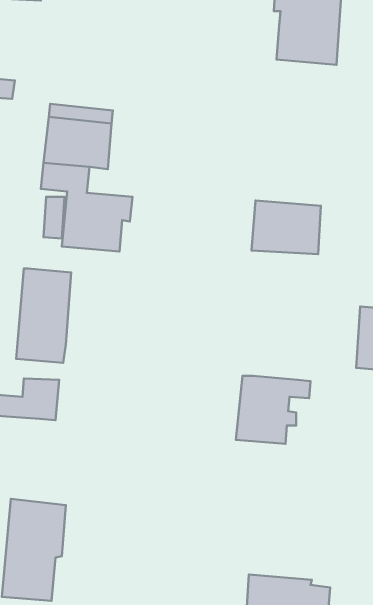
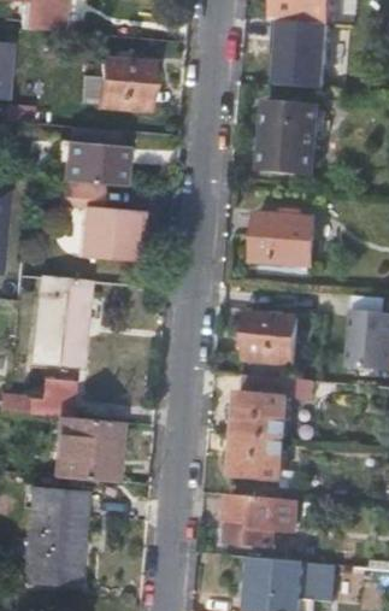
building: none -> [78,57,151,108]
building: none -> [260,99,319,175]
building: none -> [246,315,300,380]
building: none -> [54,416,118,482]
building: none -> [235,435,290,478]
building: none -> [230,495,300,546]

